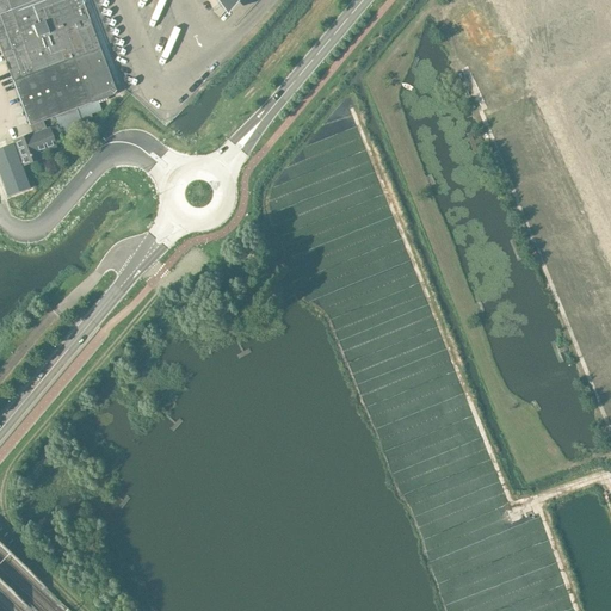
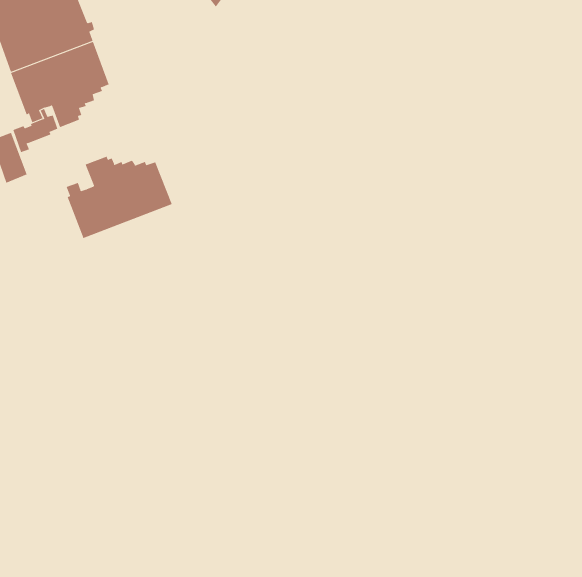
building: none -> [66,156,173,239]

